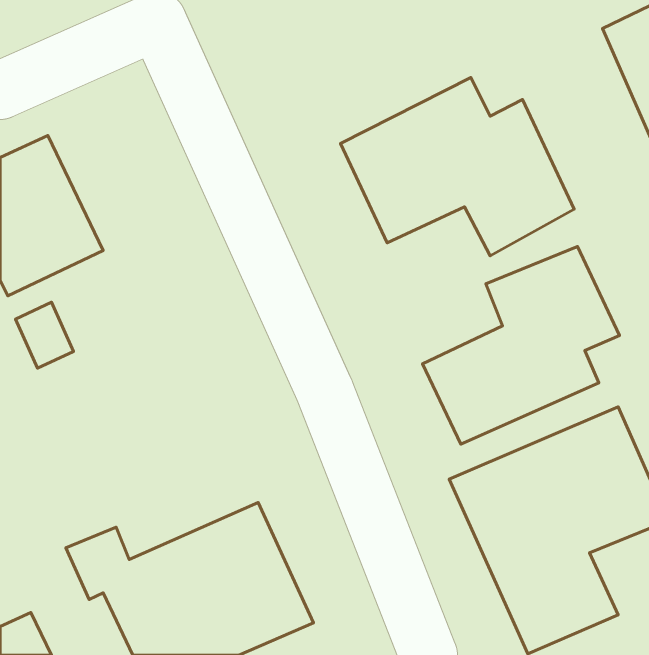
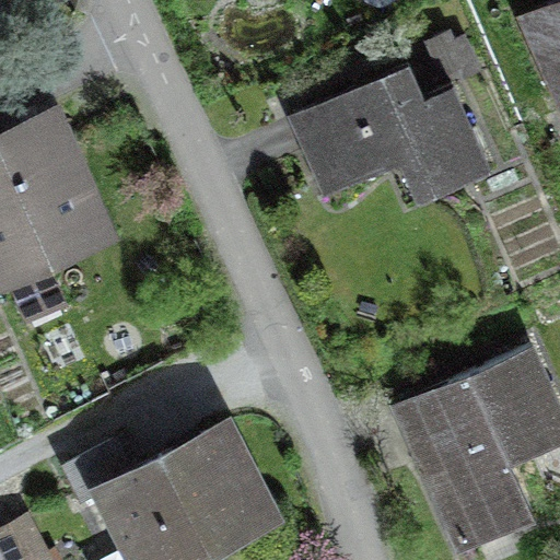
building: [423,246,620,444] -> none

